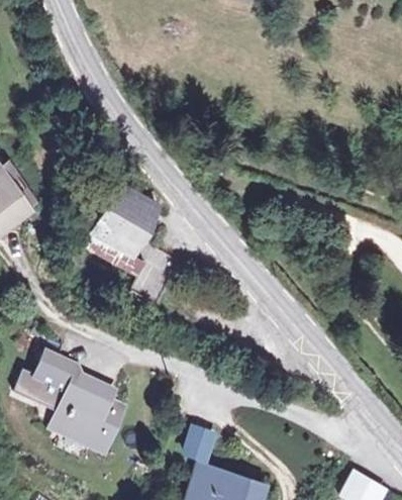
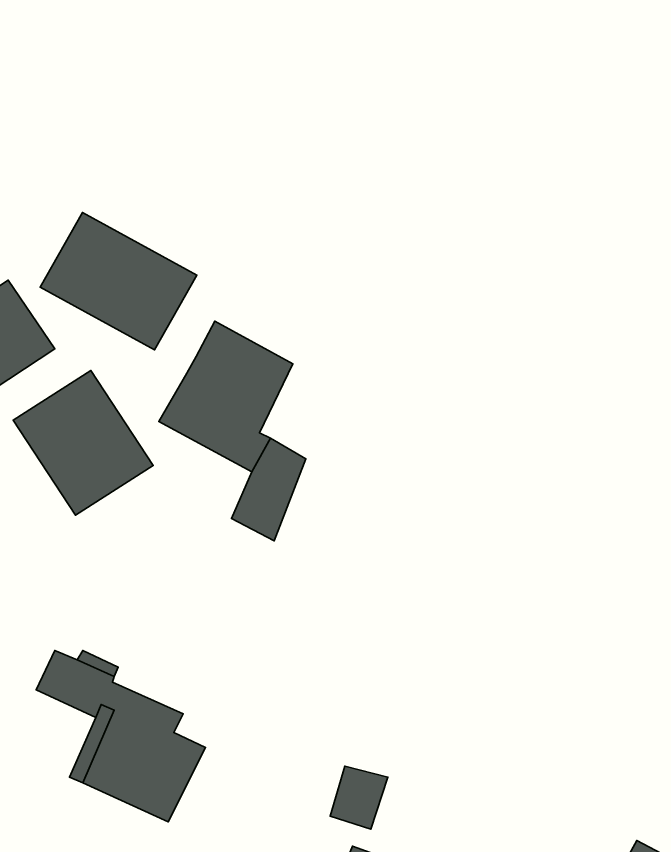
building: none -> [40,213,197,350]
building: none -> [13,370,153,515]

